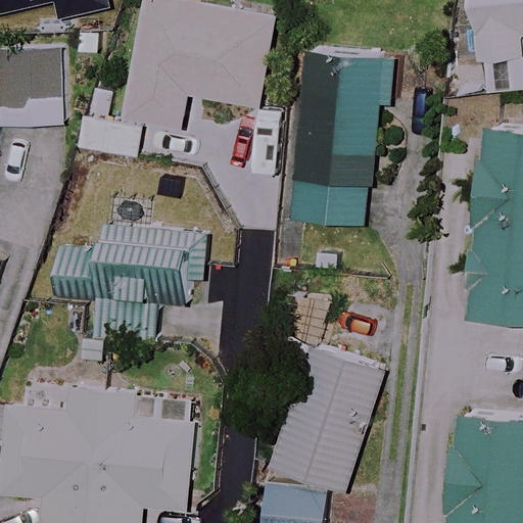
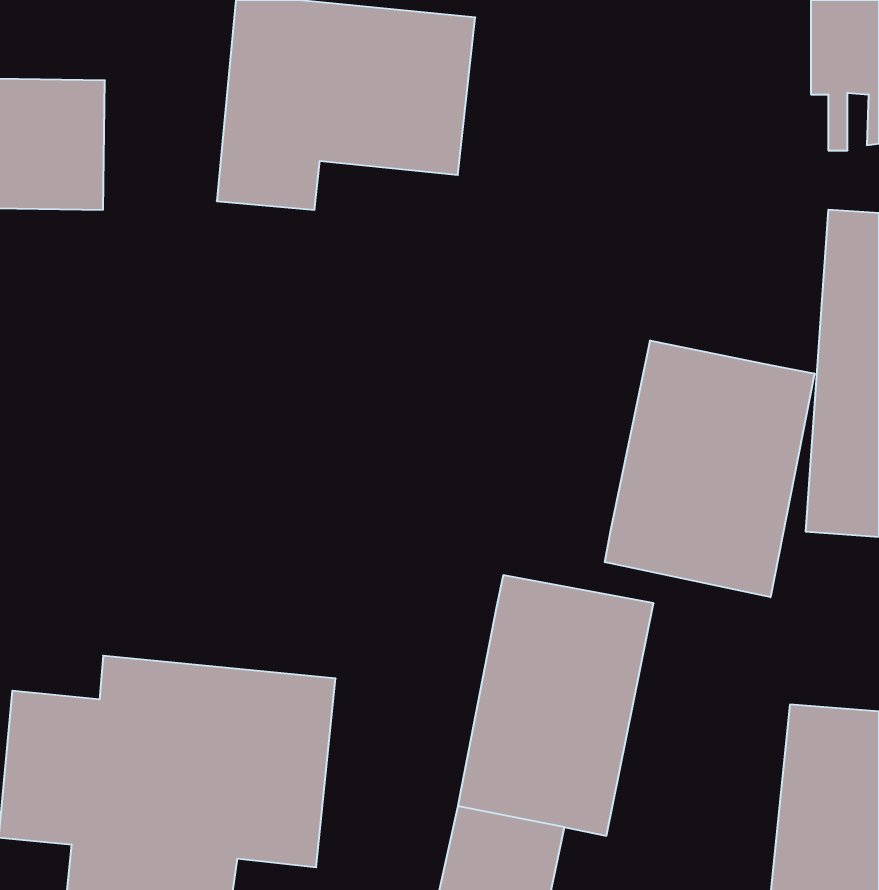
building: [293,51,392,224] -> none
building: none -> [605,340,814,597]
building: [57,224,204,341] -> none

